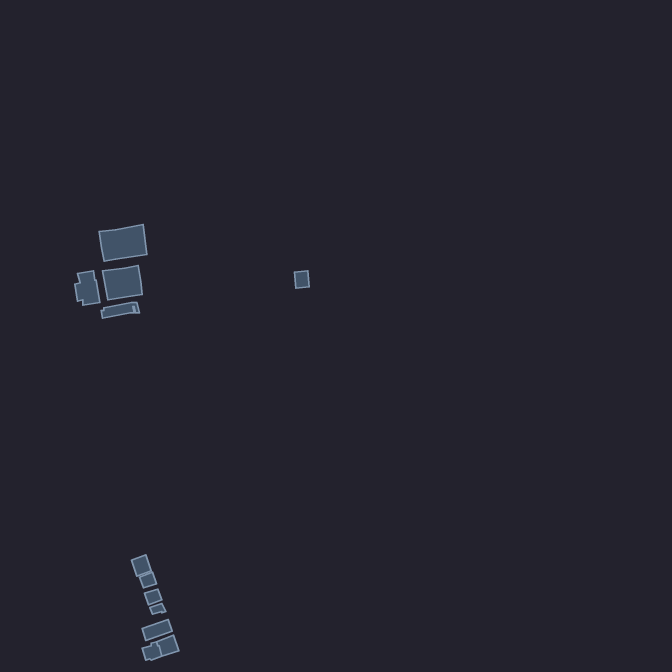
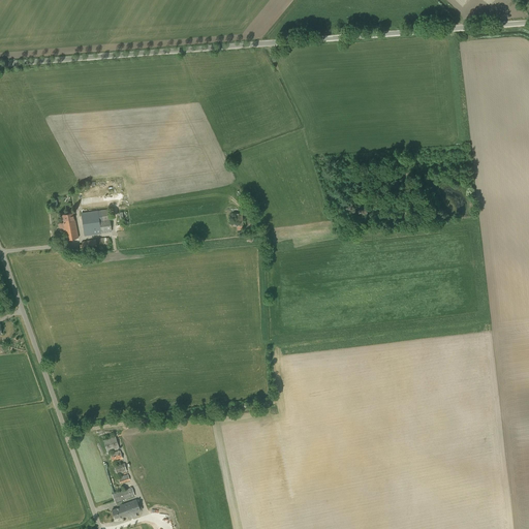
building: [99,225,147,261] -> none

